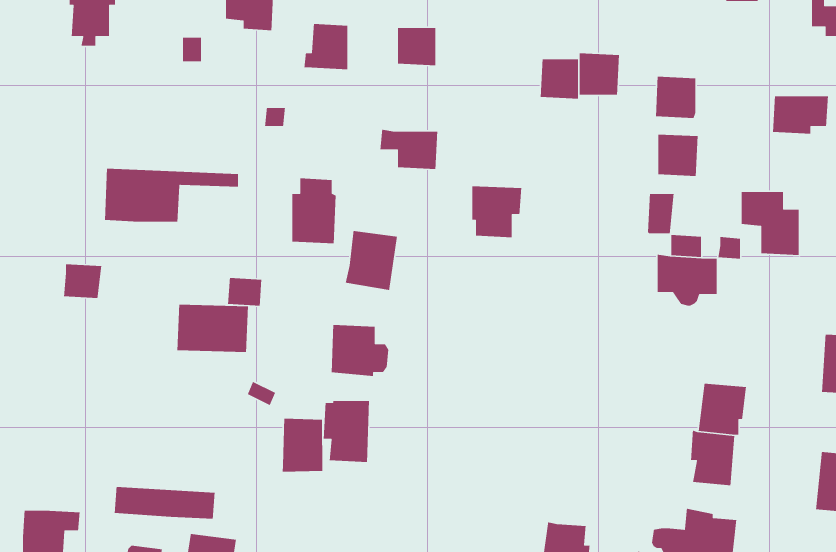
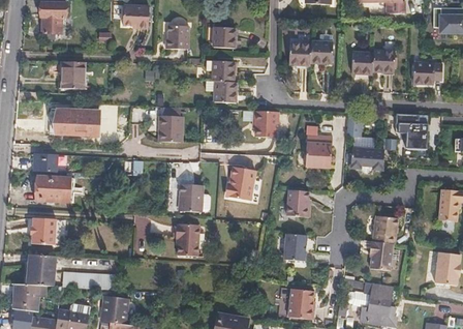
building: none -> [62,60,85,89]
building: none -> [207,61,234,82]
building: [657,134,699,177] -> [372,51,394,73]
building: [345,230,398,291] -> [227,168,255,200]
building: none -> [305,134,332,168]
building: [177,304,249,353] -> [36,176,74,202]
building: none -> [286,189,311,218]
building: none -> [28,217,56,245]
building: none -> [284,234,307,262]
building: [282,418,323,473] -> none
building: none -> [27,253,56,285]

